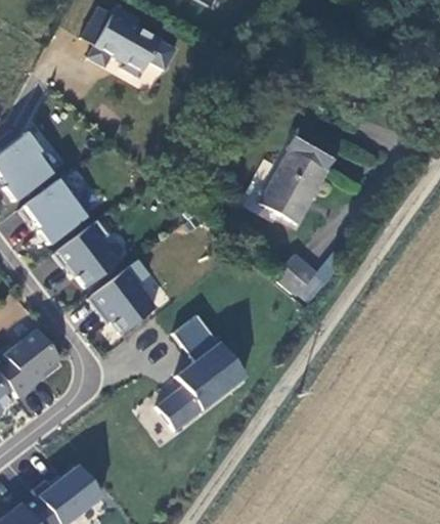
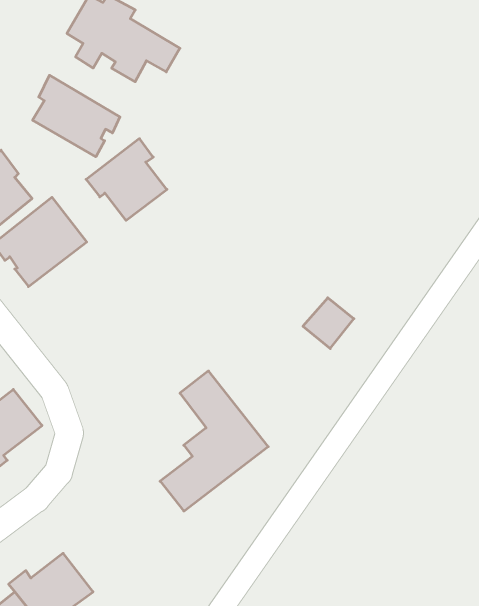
building: none -> [33,75,120,157]
building: [260,127,339,224] -> none
building: [53,220,120,288] -> [86,139,167,220]
building: [88,260,156,334] -> none

